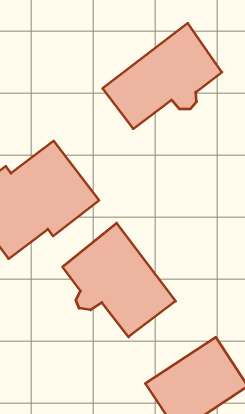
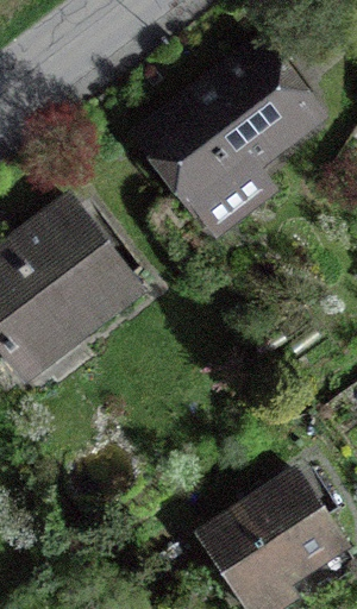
building: [63,223,176,337] -> none

